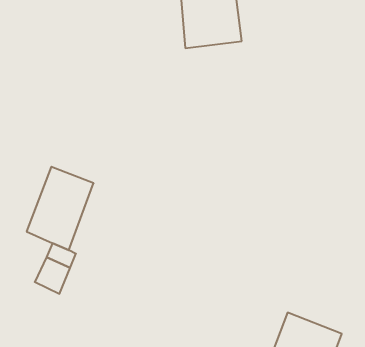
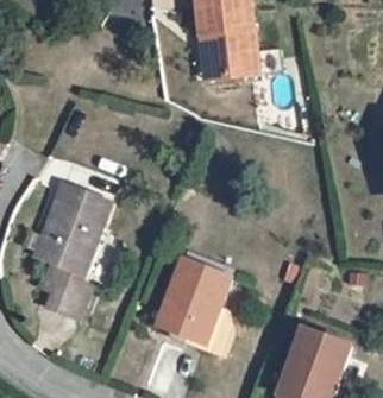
building: none -> [156,259,230,346]

